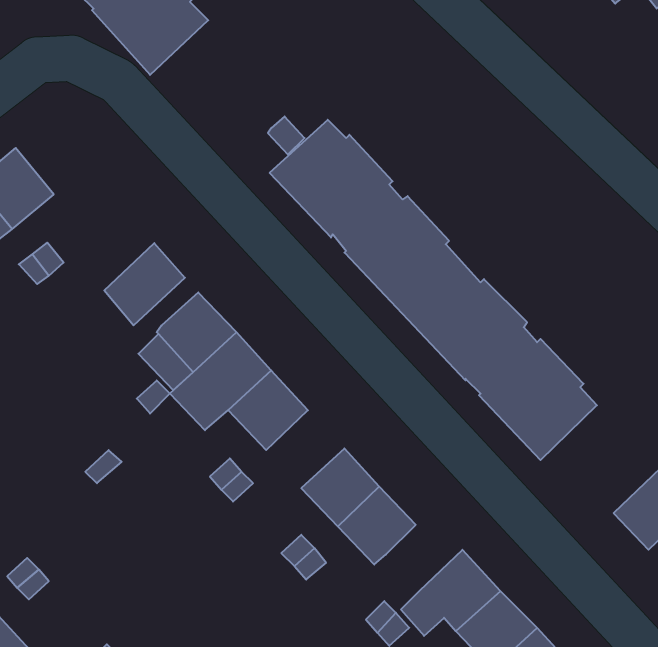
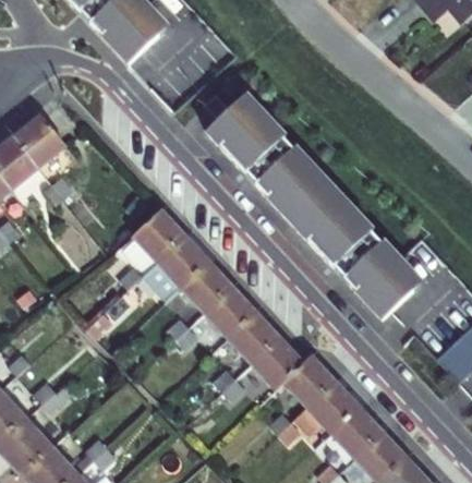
building: [104,243,185,325] -> none
building: none -> [206,287,257,338]
building: none -> [285,354,335,406]

